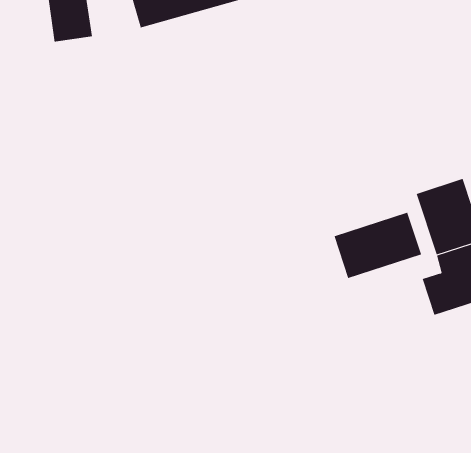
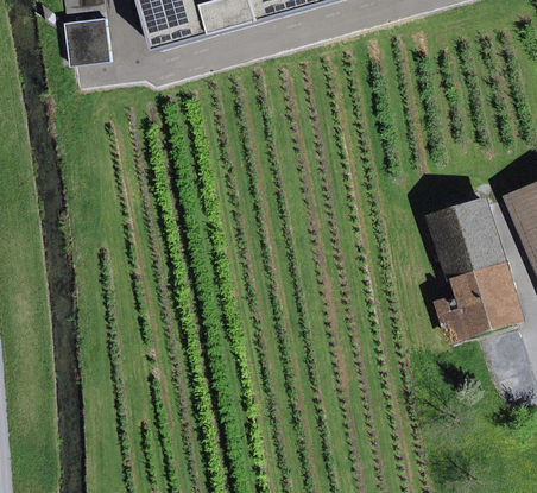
building: [334,212,422,279] -> none

